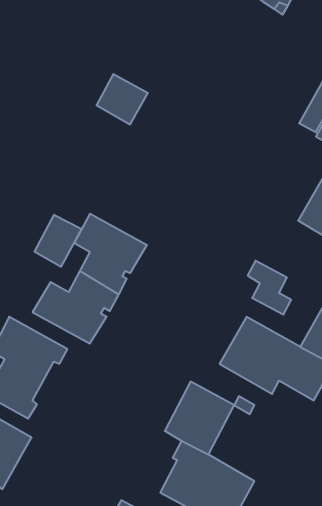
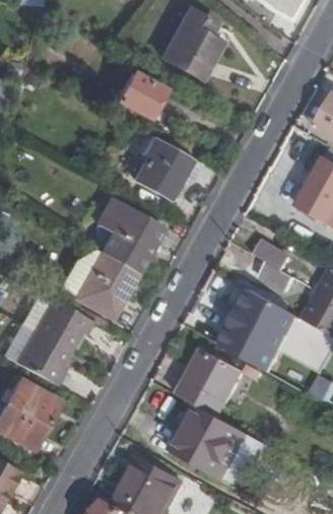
building: none -> [162,8,229,78]
building: none -> [134,139,190,198]
building: [34,215,82,267] -> none

